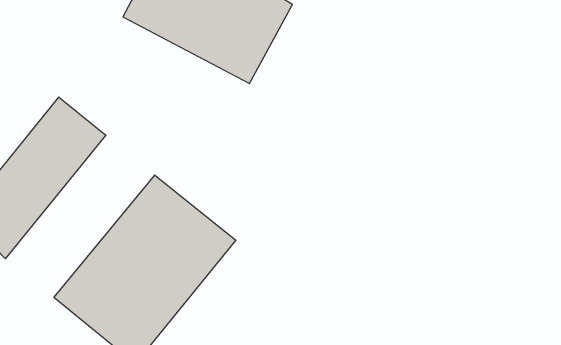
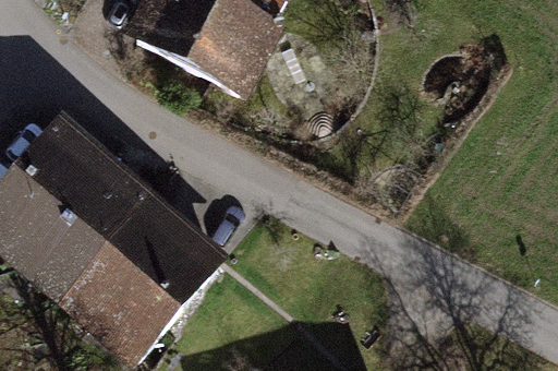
building: none -> [8,153,151,309]

